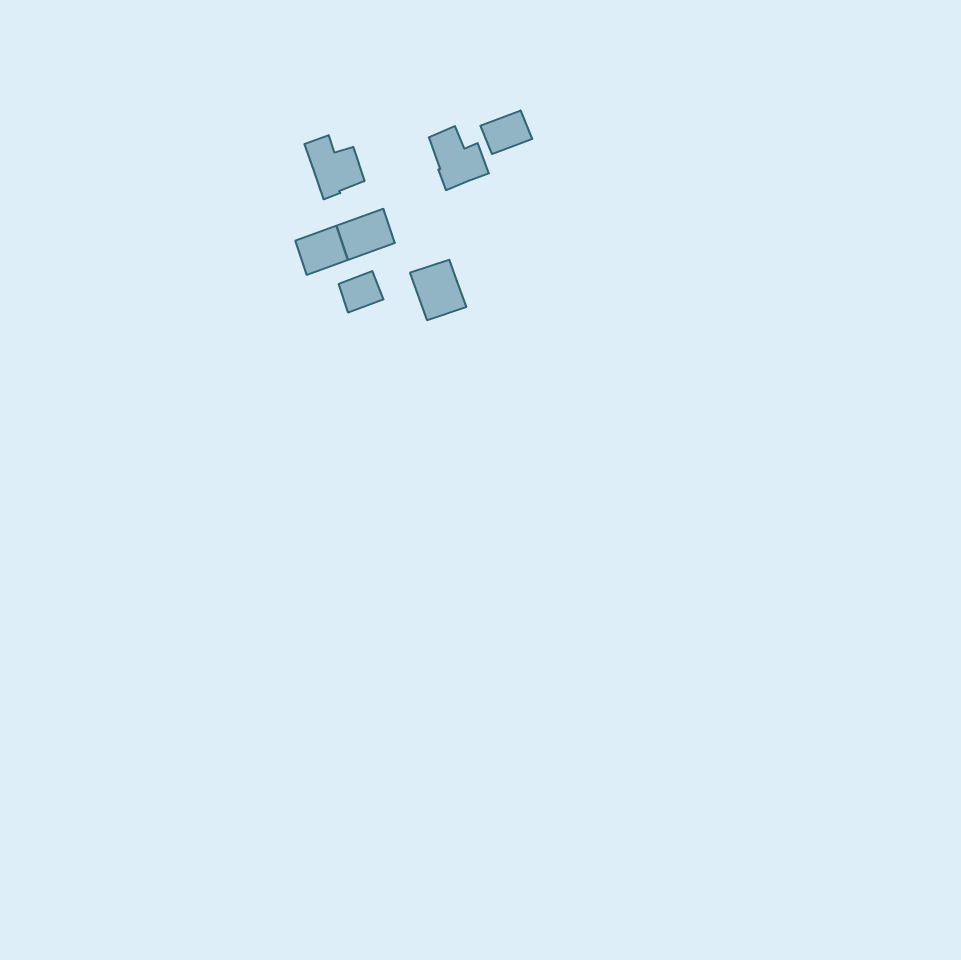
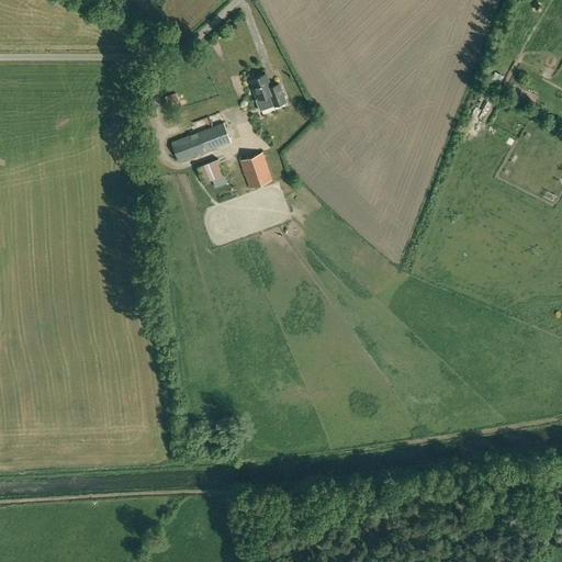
building: [480,110,532,154] -> none
building: [304,135,364,199] -> none

